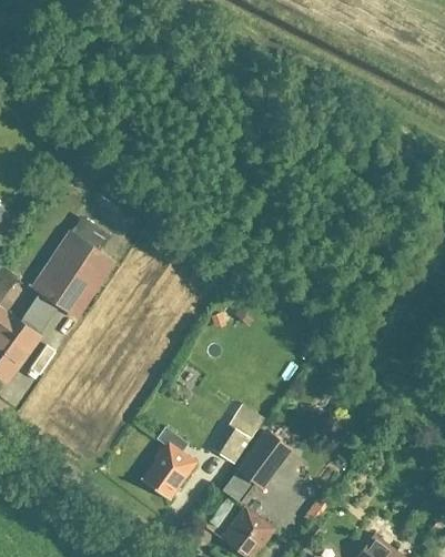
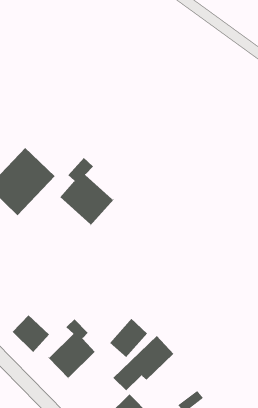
building: none -> [60,157,115,227]
building: none -> [12,315,50,353]

